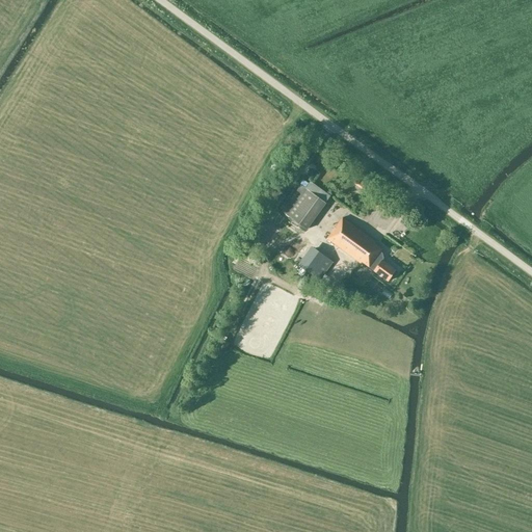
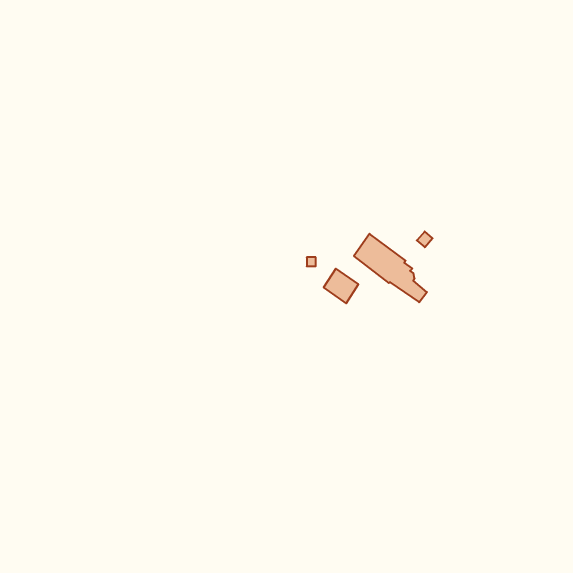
building: [283,184,326,229] -> none

